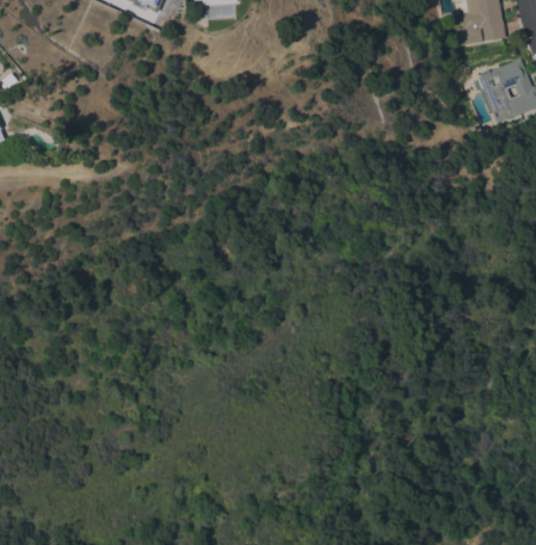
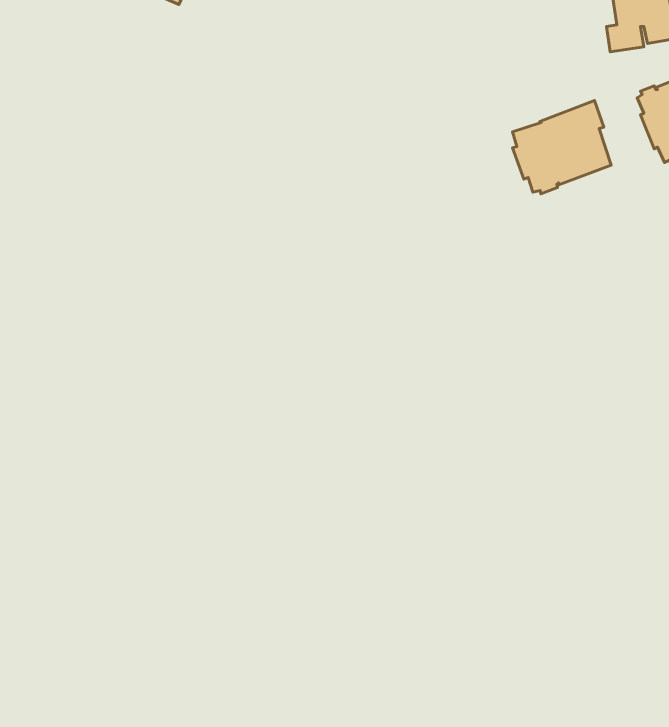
building: none -> [512,100,611,194]

